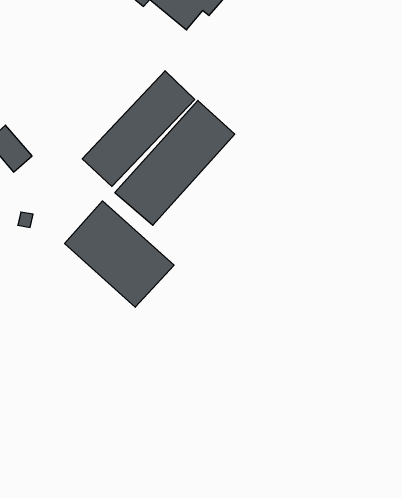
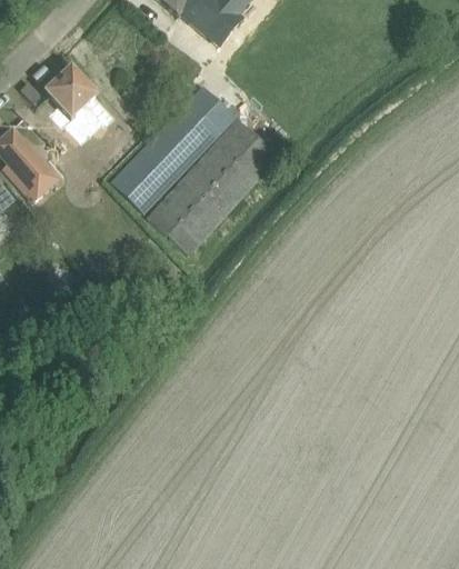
building: none -> [44,66,112,136]
building: [65,201,174,307] -> none

